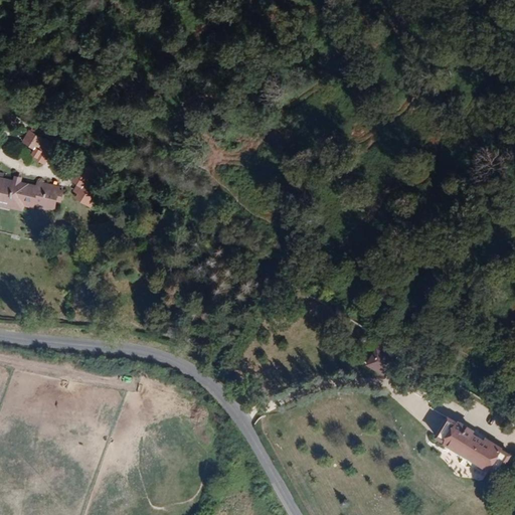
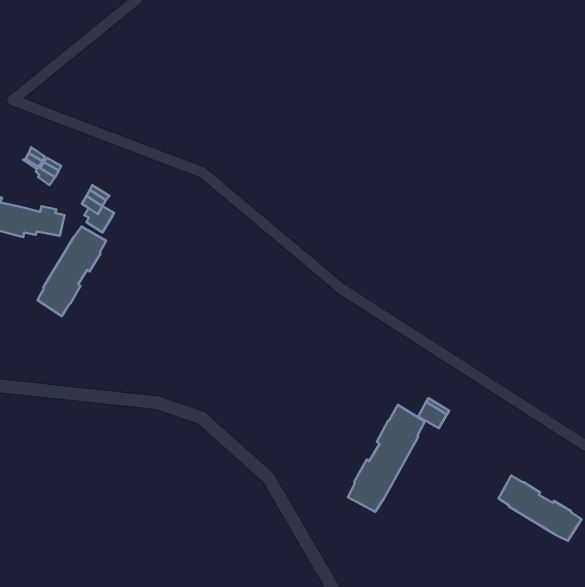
building: none -> [38,226,106,316]
building: none -> [348,405,425,512]

